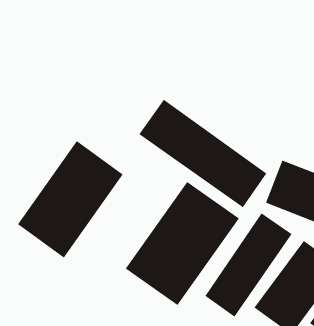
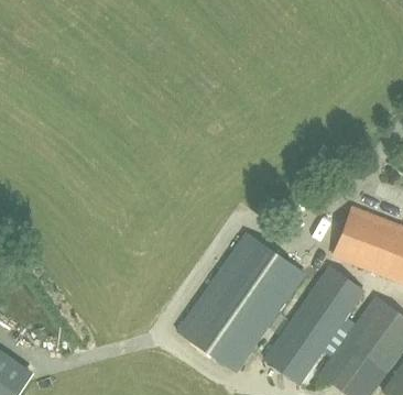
building: [139,99,267,208] -> none
building: [17,140,124,258] -> none

